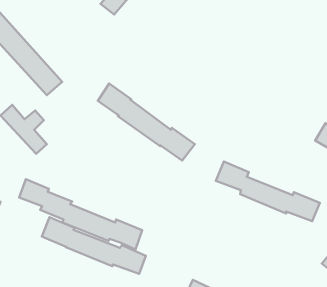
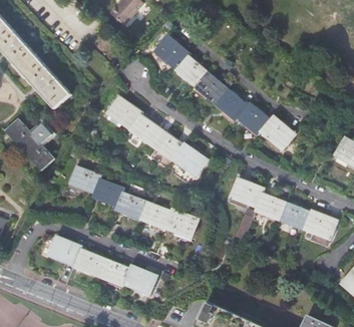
building: none -> [154,35,296,150]
building: [19,179,142,249] -> [70,166,199,239]

